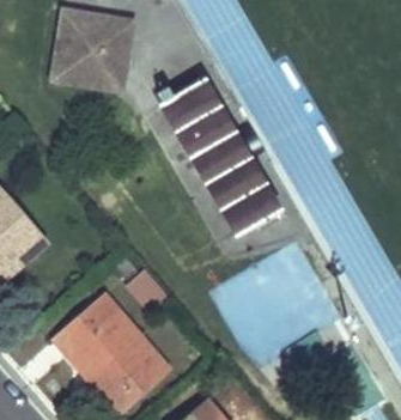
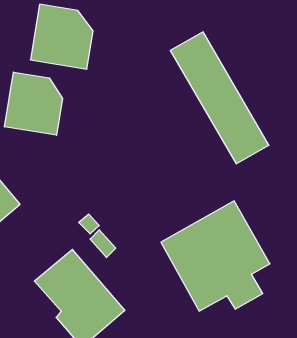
building: [165,79,280,232] -> [170,32,269,164]
building: none -> [5,72,63,135]

